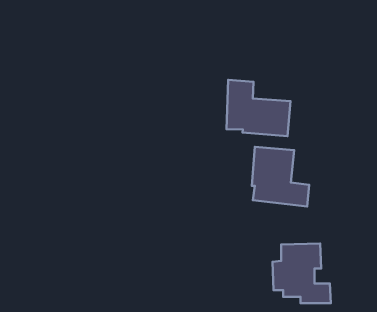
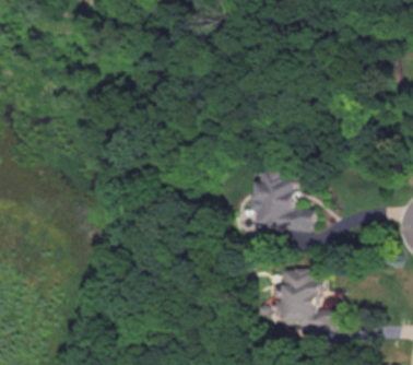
building: [226,80,291,136] -> none

